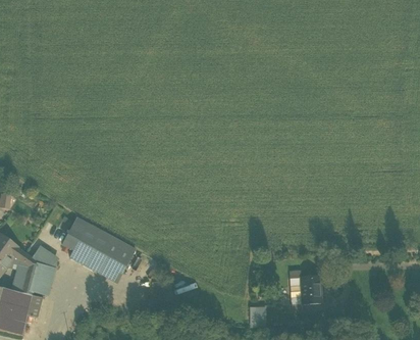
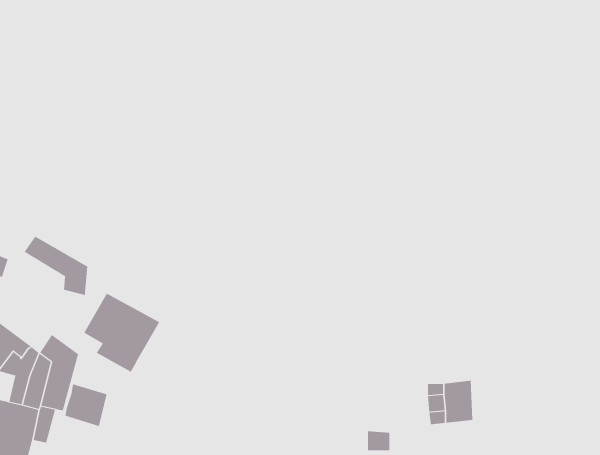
building: none -> [24,236,88,296]
building: [97,237,135,276] -> none
building: none -> [65,384,107,427]

